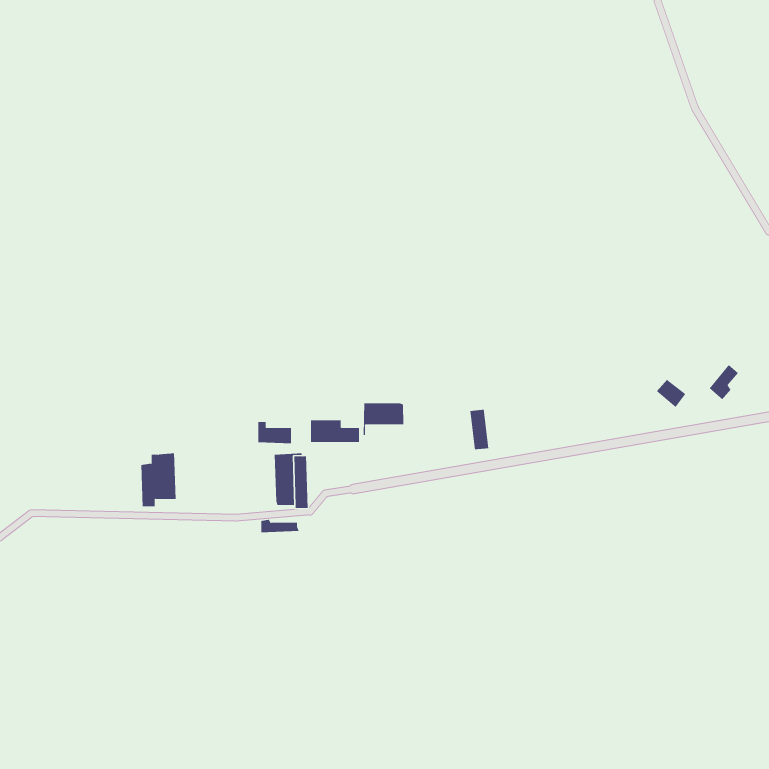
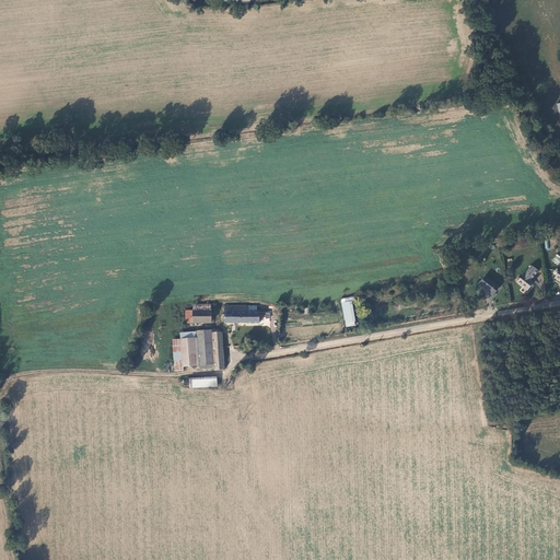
building: [363,403,404,436] -> none
building: [140,453,176,507] -> [174,330,200,370]

